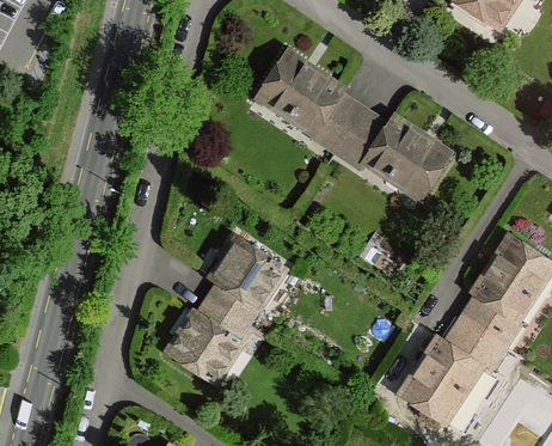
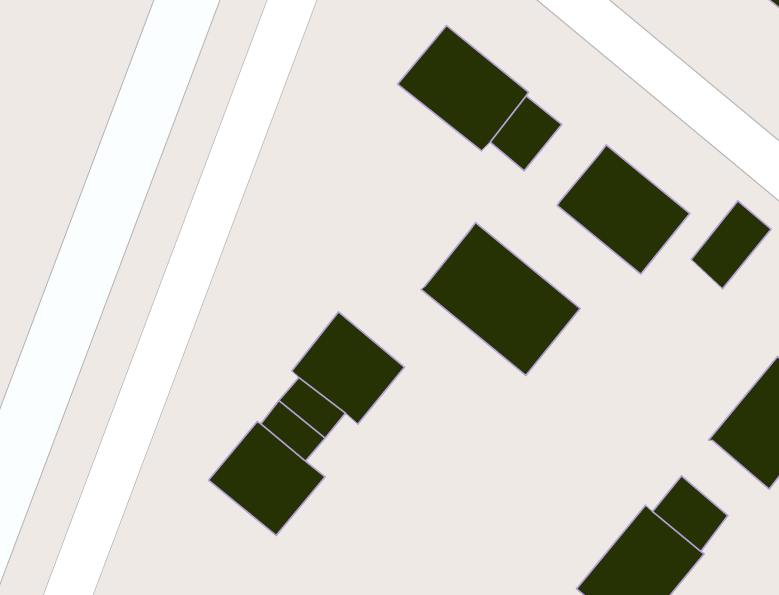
building: [343,110,388,158] -> none
building: none -> [691,201,771,289]
building: none -> [421,222,580,375]
building: [460,295,508,341] -> none

